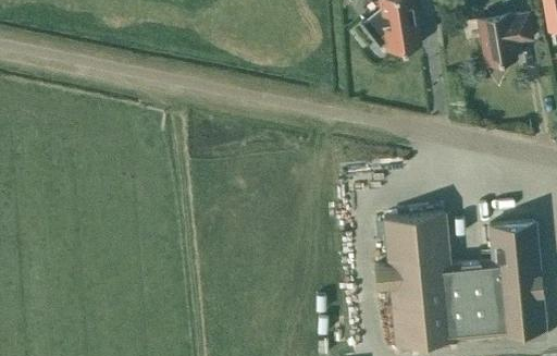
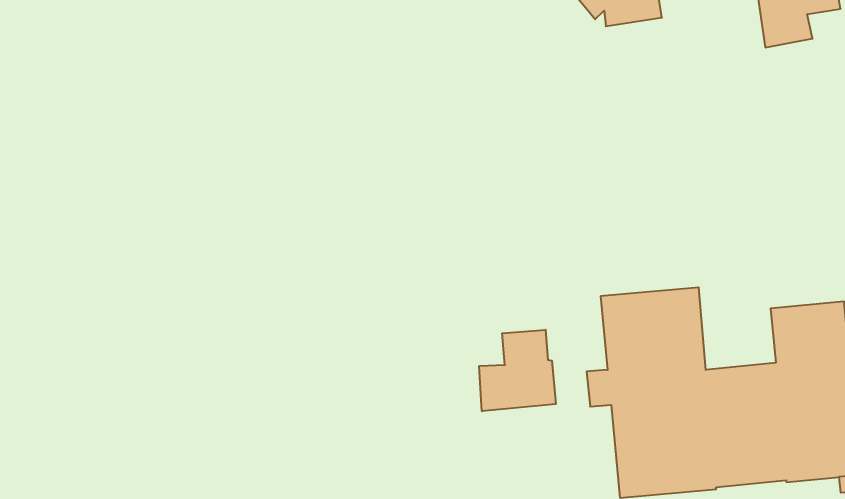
building: none -> [479,330,556,411]

